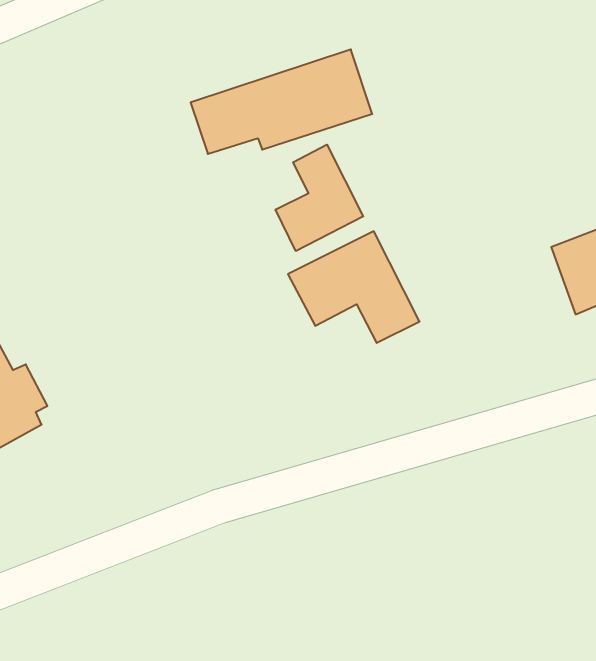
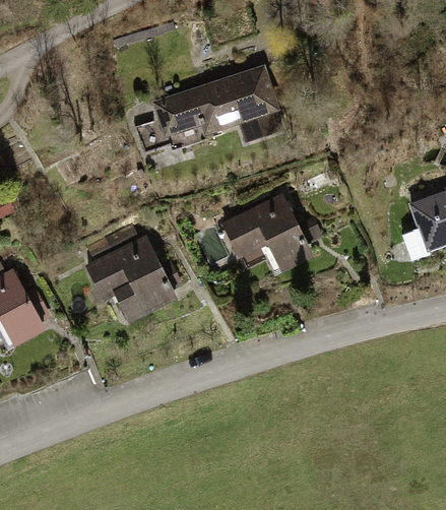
building: [276,145,363,251] -> none
building: none -> [83,235,181,323]

